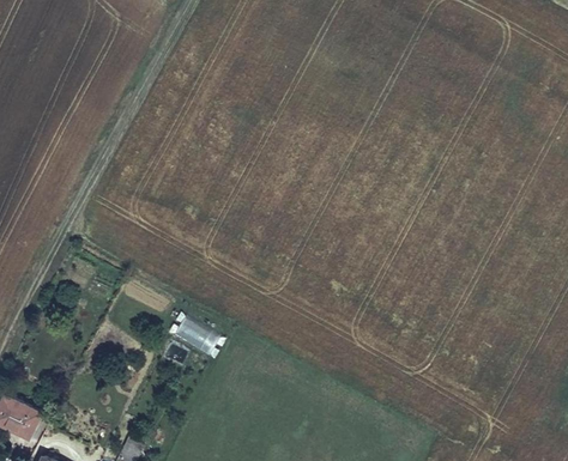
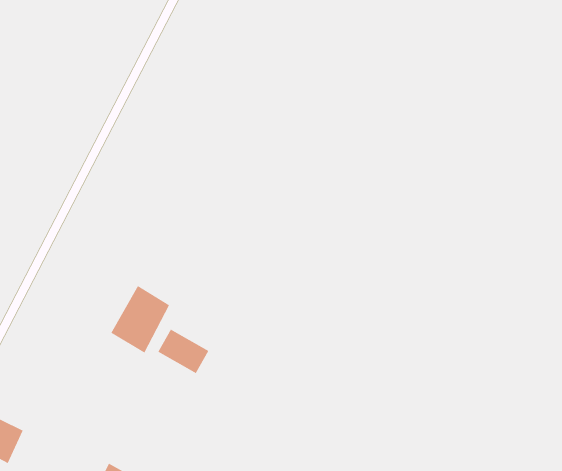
building: none -> [111,285,170,353]

